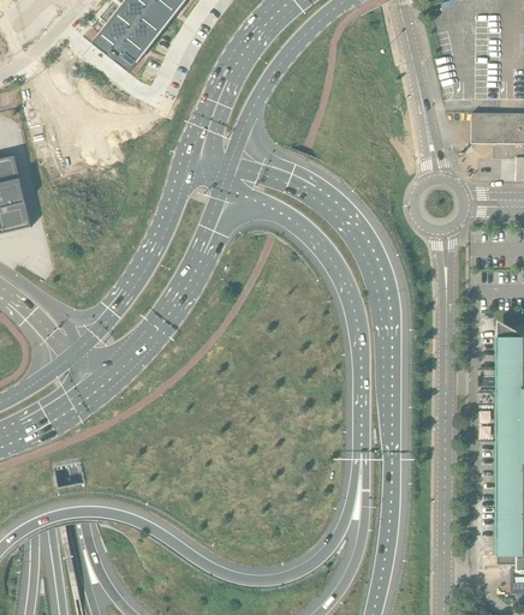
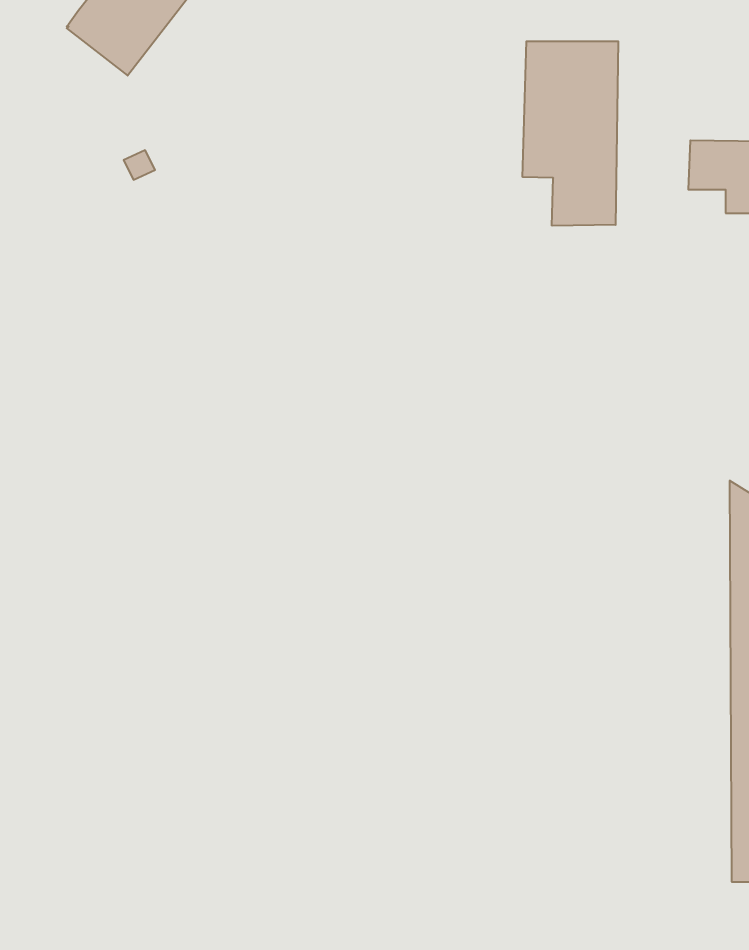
building: none -> [523,41,618,226]

